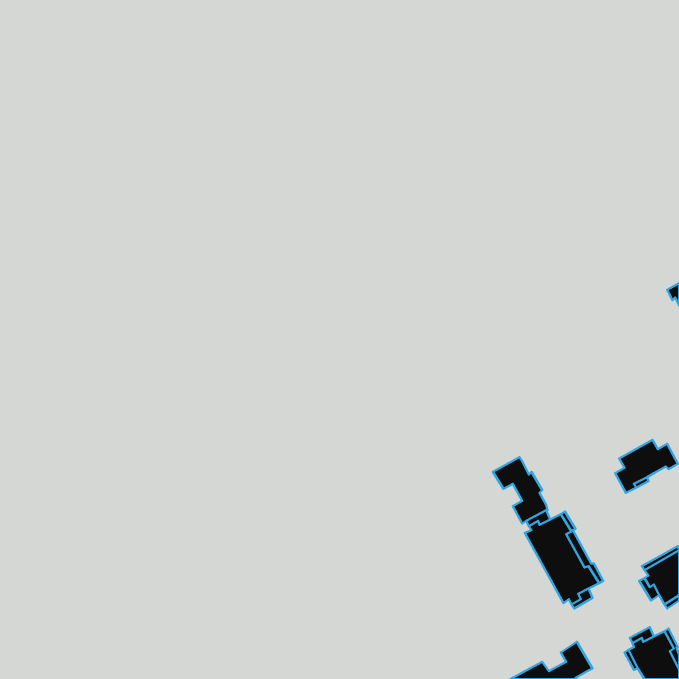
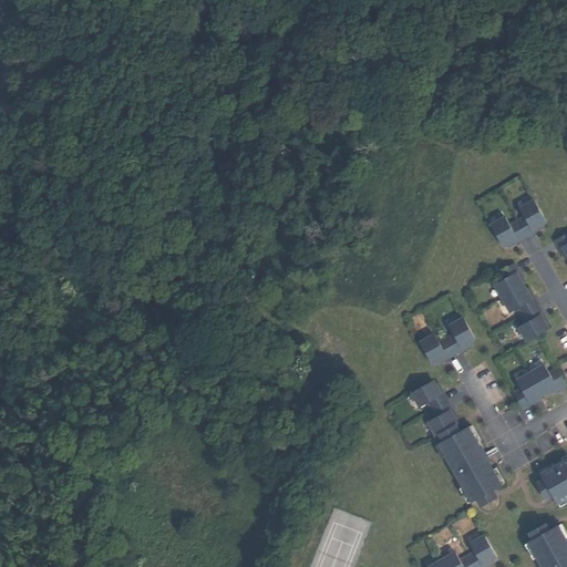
building: none -> [494,203,549,249]
building: none -> [496,265,549,343]
building: none -> [422,320,477,365]

